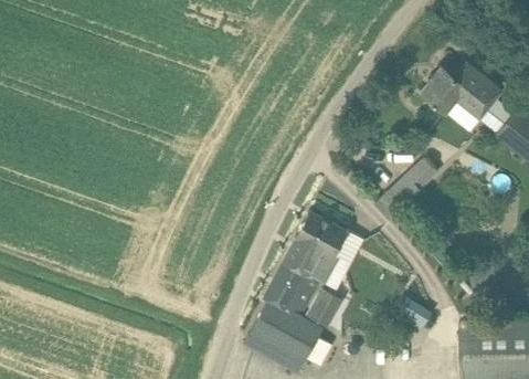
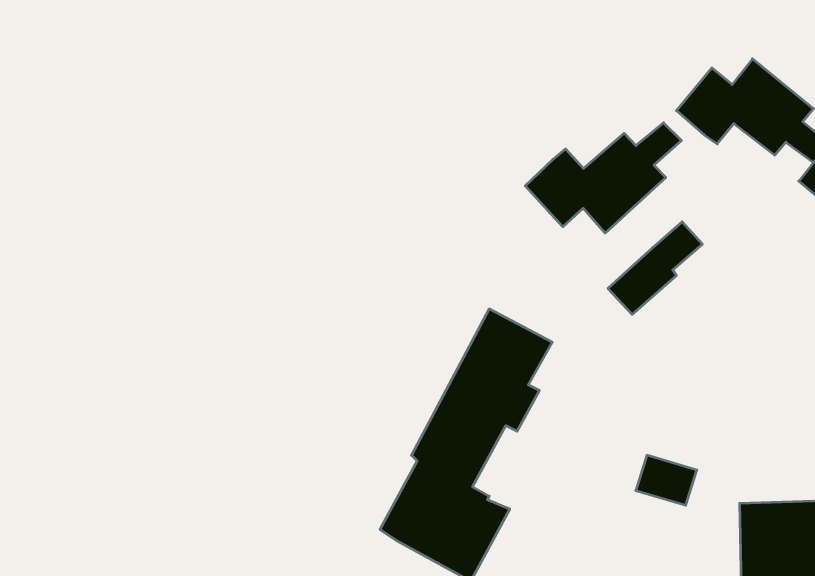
building: none -> [525,123,681,233]
building: [307,287,342,326] -> none

